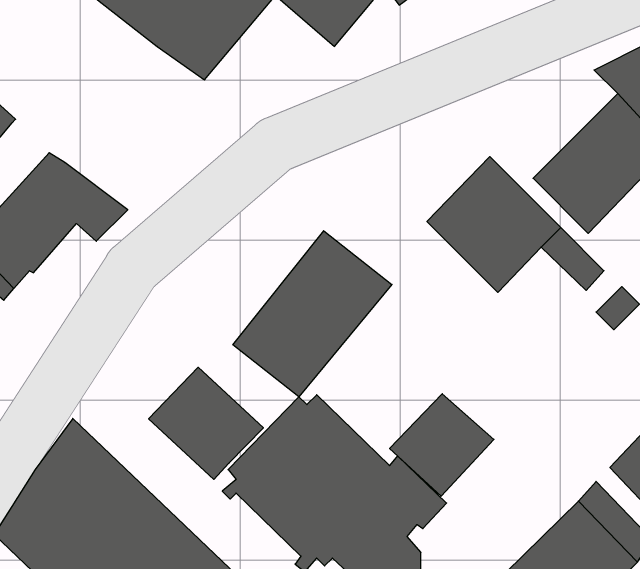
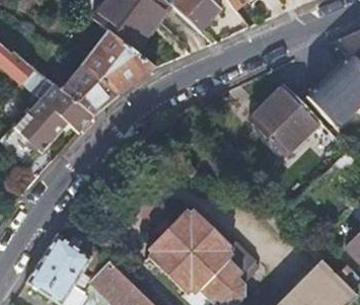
building: none -> [62,28,157,112]
building: [233,231,392,397] -> none
building: [149,367,263,479] -> none
building: [390,394,494,496] -> none

